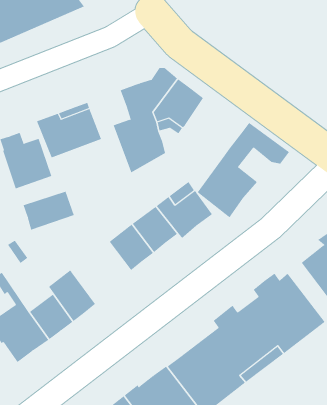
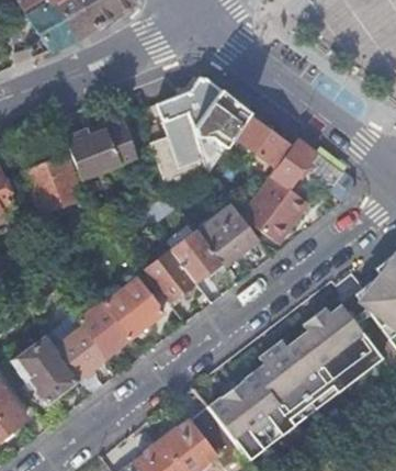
building: none -> [230,115,293,167]
building: [23,191,74,230] -> none
building: none -> [105,277,166,338]

